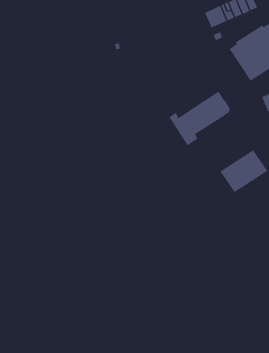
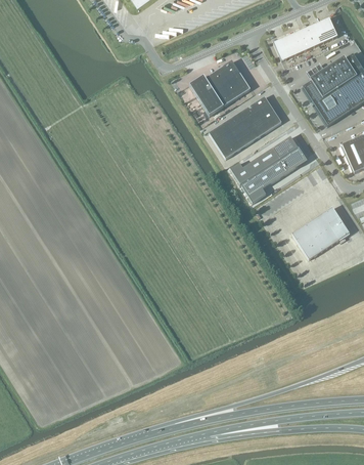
building: none -> [190,59,252,114]
building: none -> [210,95,282,157]

